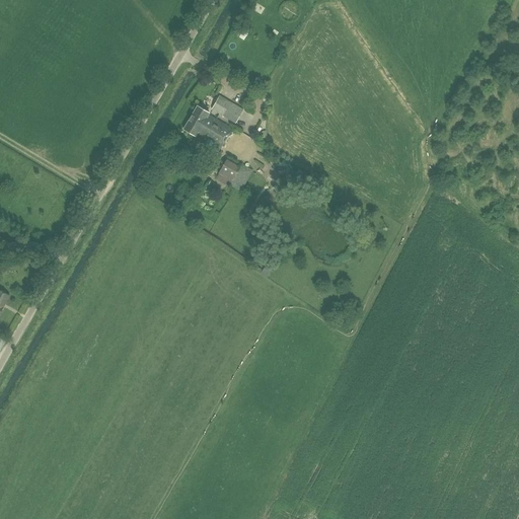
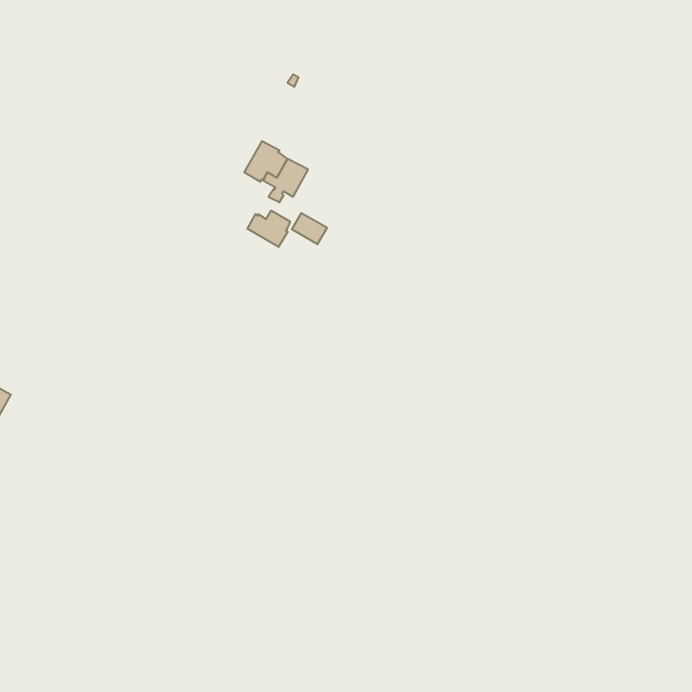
building: [211,95,242,123] -> none
building: none -> [247,211,290,247]

